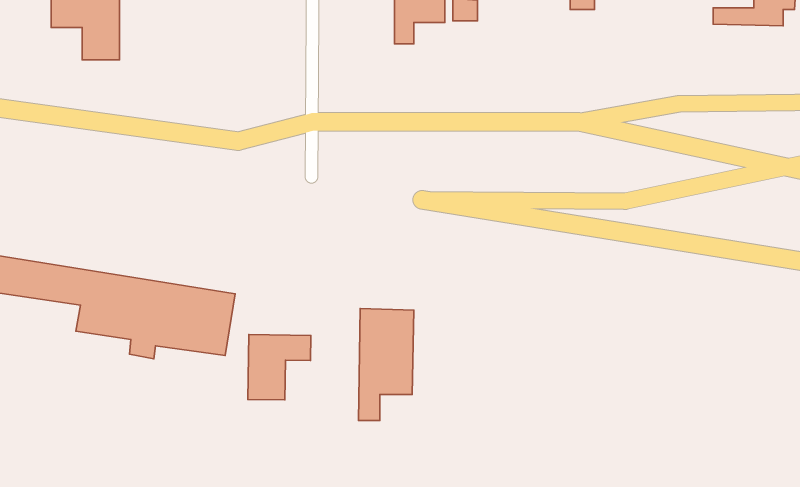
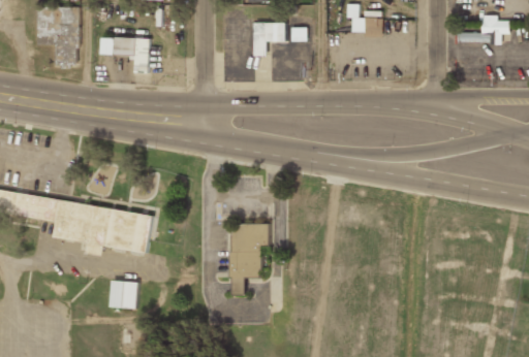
building: none -> [100,35,150,72]
building: [248,335,311,400] -> none
building: none -> [110,281,137,307]

